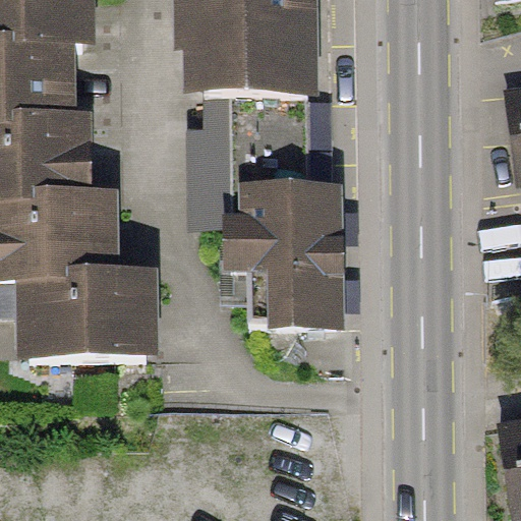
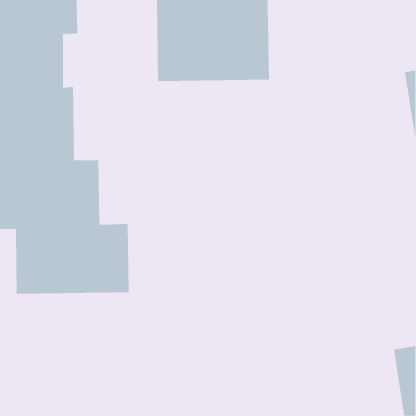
building: [243,185,340,323] -> none

